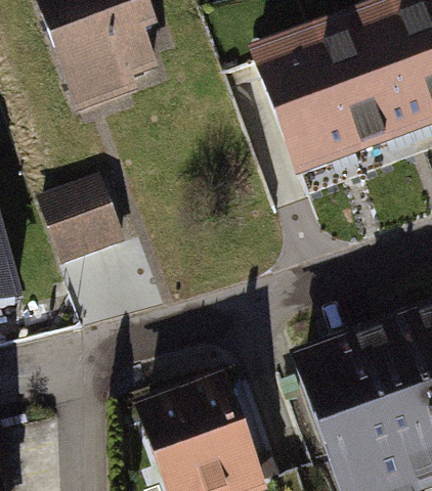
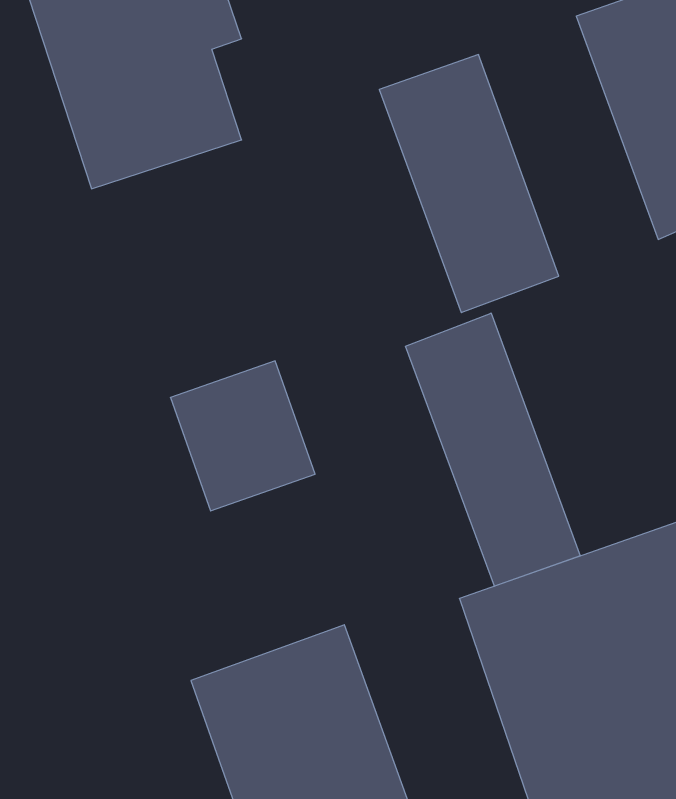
building: [309,10,415,163] -> none
building: [38,175,123,263] -> [170,361,315,511]
building: none -> [406,313,580,586]

